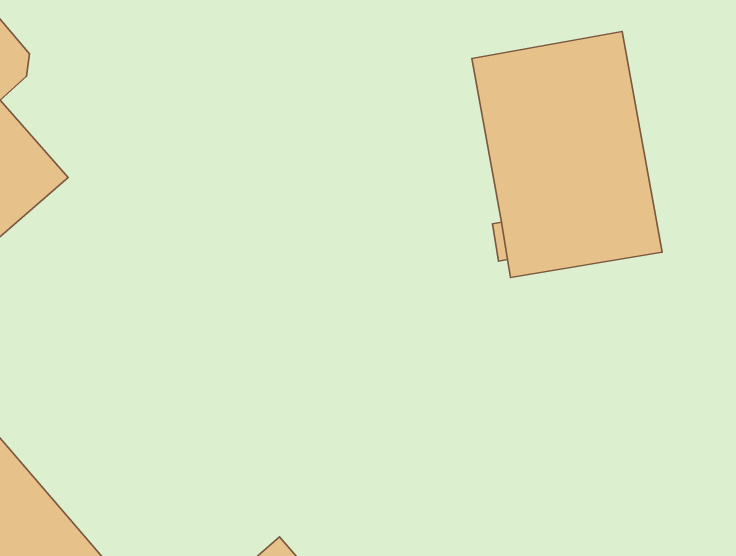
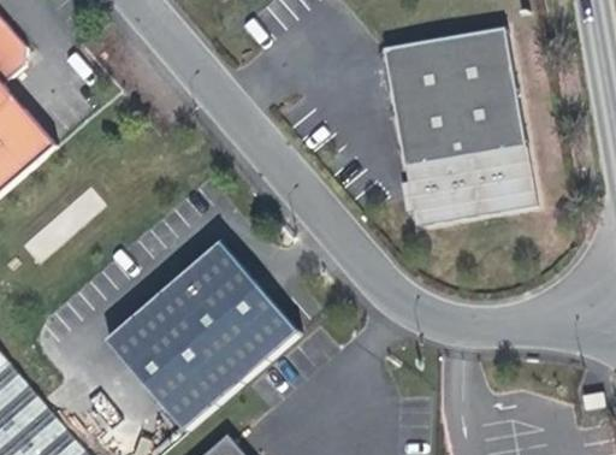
building: none -> [106,238,303,431]

